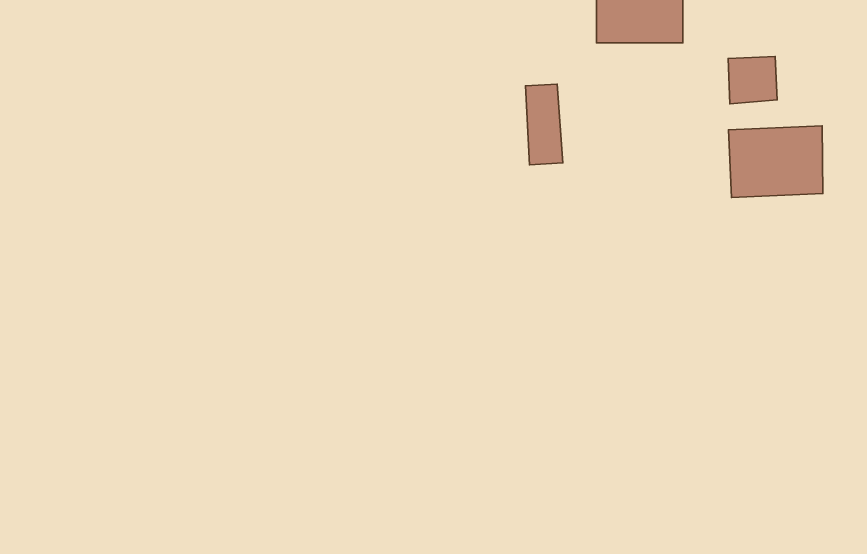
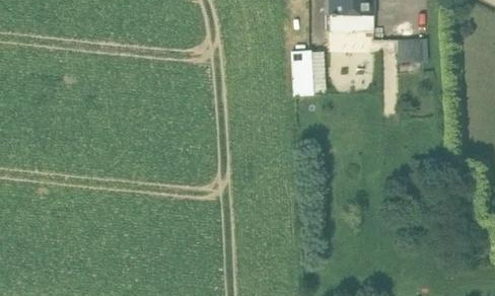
building: [729,126,823,197] -> none

